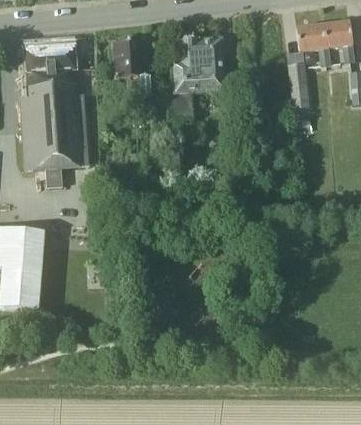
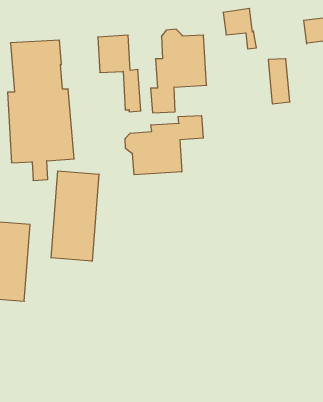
building: [296,24,330,65] -> [223,8,256,49]
building: none -> [125,116,203,175]
building: none -> [51,171,99,261]

